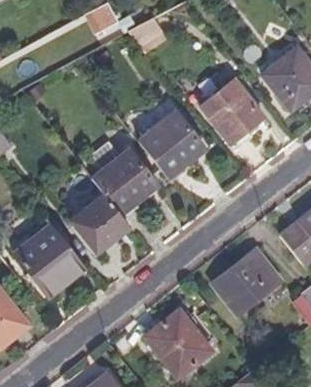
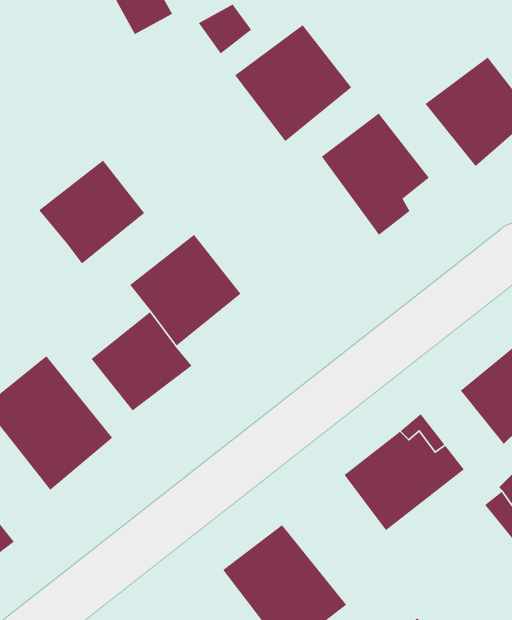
building: none -> [38,159,145,265]
building: [137,110,204,177] -> [234,24,352,142]

